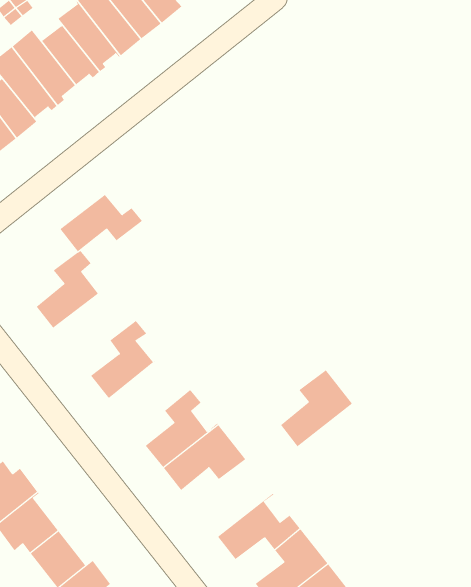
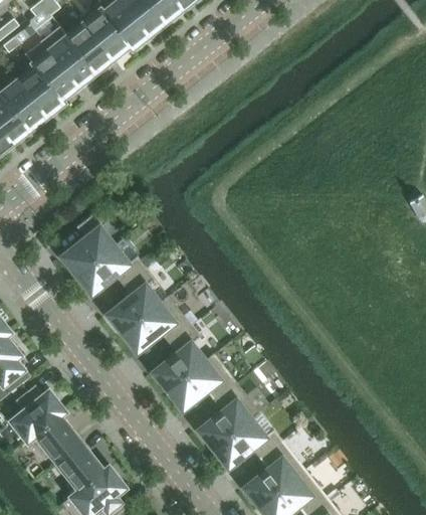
building: [59,194,143,252] -> [75,245,145,294]
building: none -> [122,296,190,351]
building: [280,370,353,447] -> [198,383,258,448]

